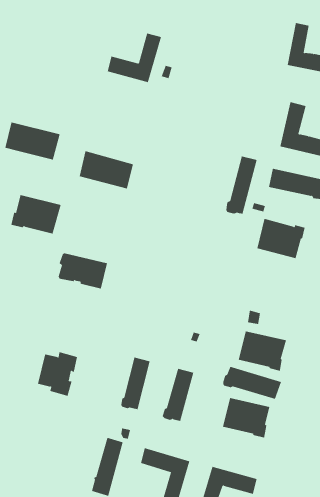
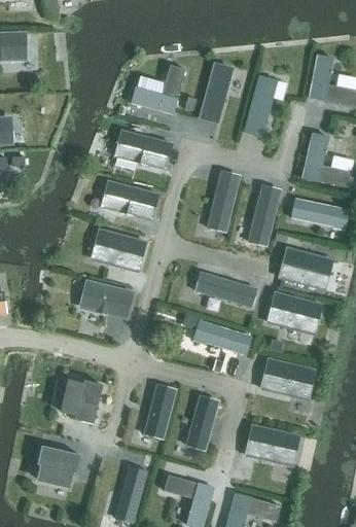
building: none -> [200,64,232,122]
building: none -> [244,76,275,136]
building: [4,122,61,160] -> [116,131,172,169]
building: none -> [207,172,239,231]
building: [10,195,61,234] -> [96,232,146,271]
building: none -> [195,274,255,305]
building: none -> [268,292,315,333]
building: [222,366,282,399] -> [193,321,252,354]
building: none -> [36,446,80,486]

